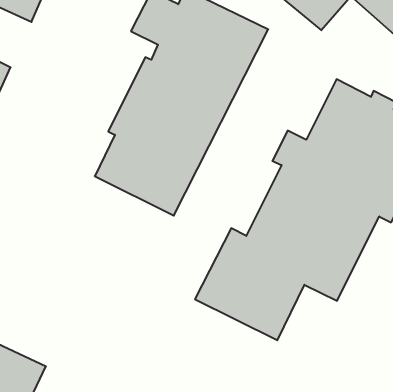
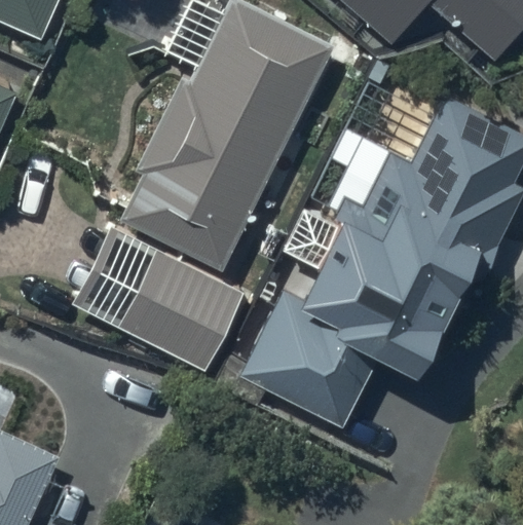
building: none -> [73,225,245,370]

